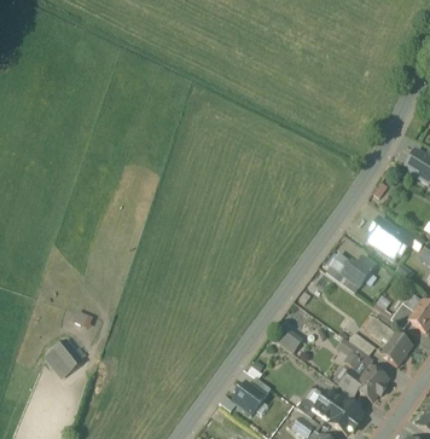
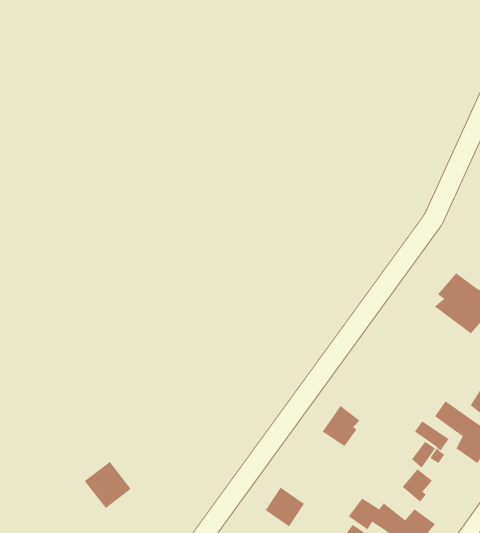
building: [330,252,378,288] -> none
building: [46,339,83,376] -> [84,461,132,509]
building: [355,366,388,400] -> none

